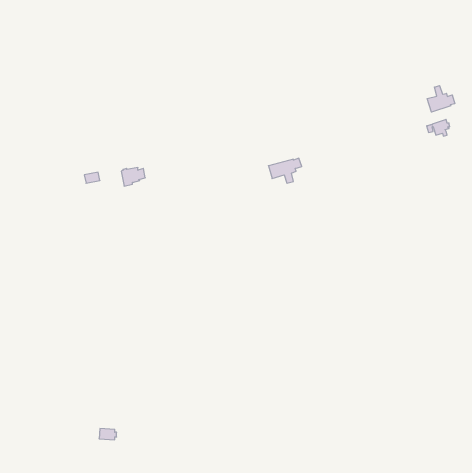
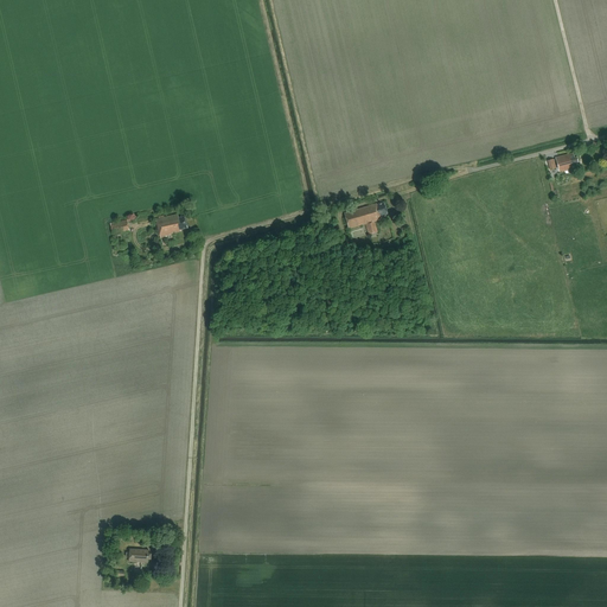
building: [427,86,455,112] -> none

